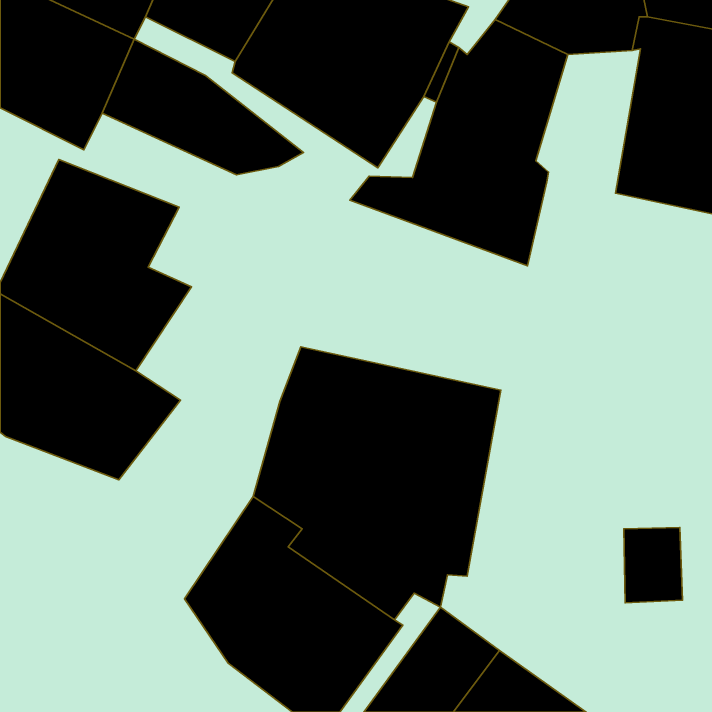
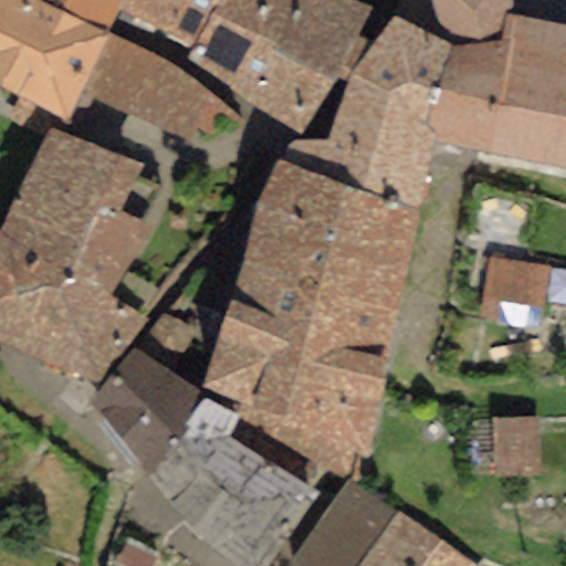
building: none -> [426,39,509,153]
building: none -> [240,158,419,308]
building: none -> [480,256,551,327]
building: none -> [93,297,223,473]

